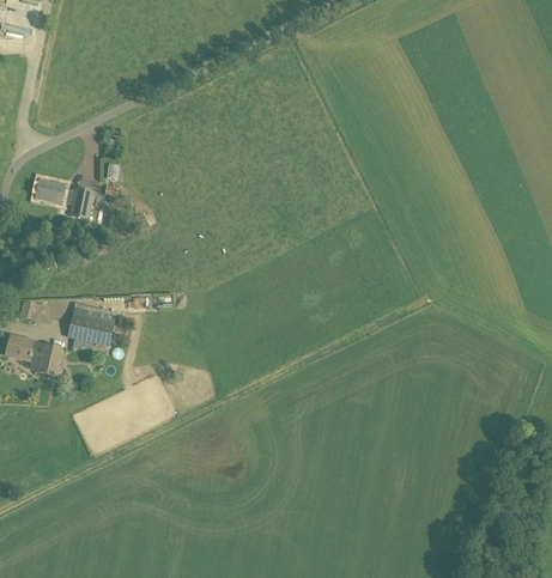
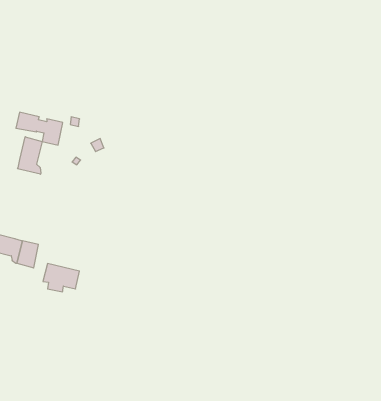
building: none -> [18,137,42,174]
building: [66,314,113,349] -> [43,264,79,292]

